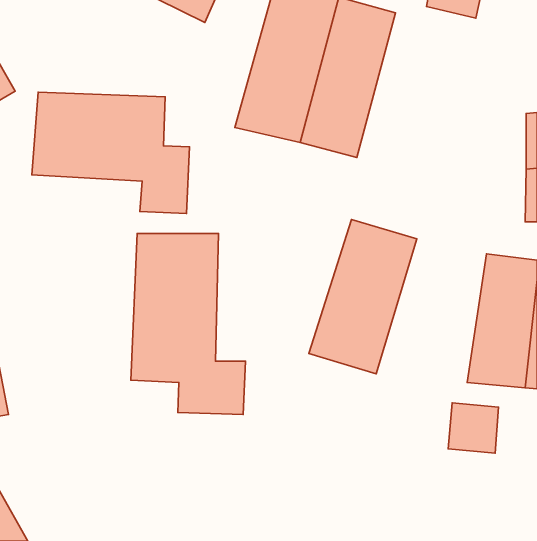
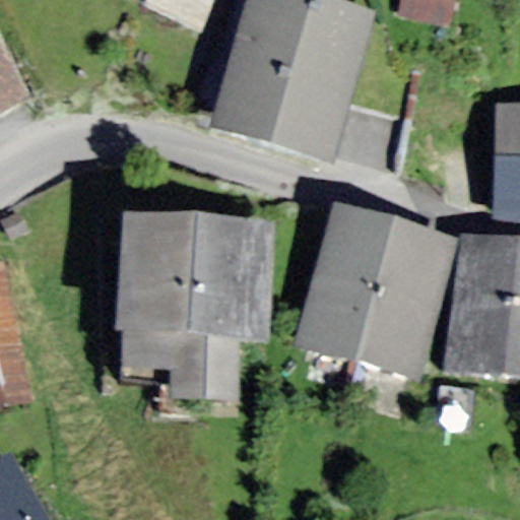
building: [32,92,189,213] -> none
building: none -> [204,221,275,343]
building: none -> [356,226,449,371]

